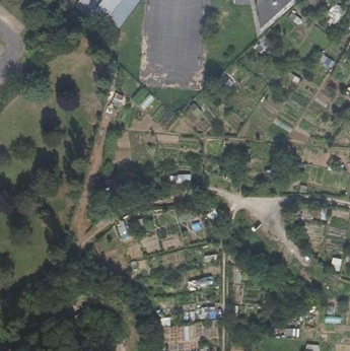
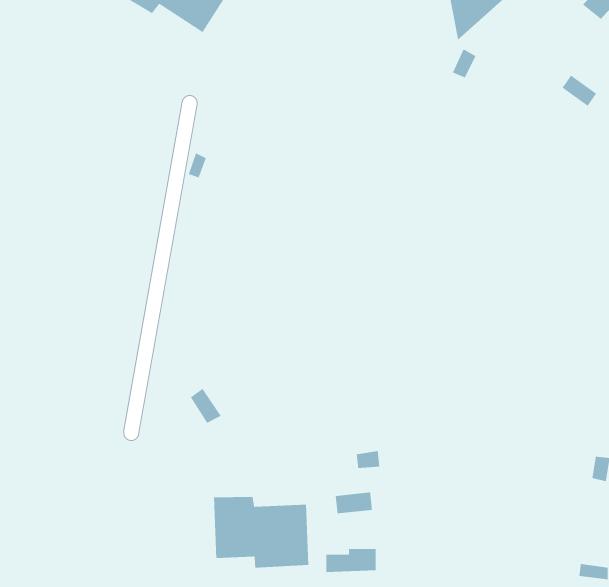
building: none -> [213,496,309,568]

